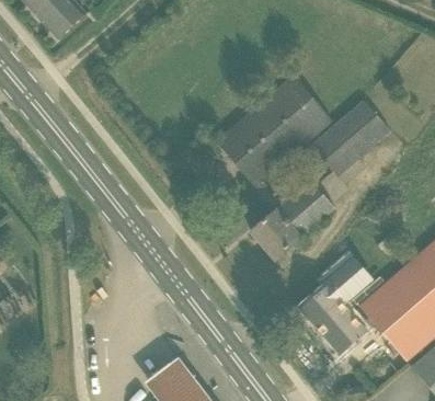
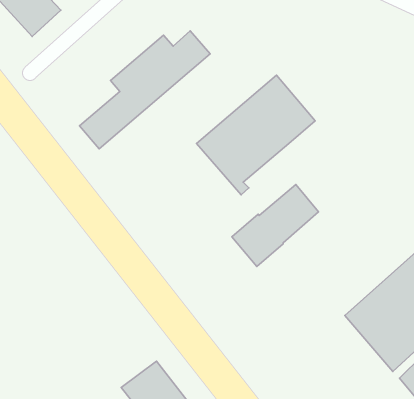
building: none -> [79,31,210,149]
building: [311,101,389,175] -> none
building: [299,264,368,357] -> none

